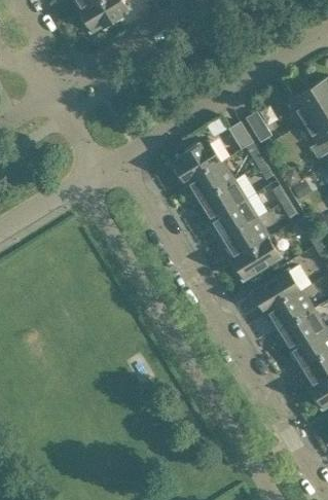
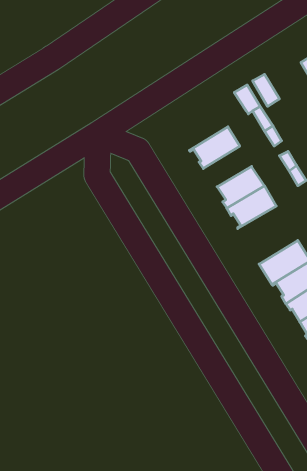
building: [172,142,221,184] -> none
building: [197,180,244,219] -> none
building: [230,238,280,279] -> none

